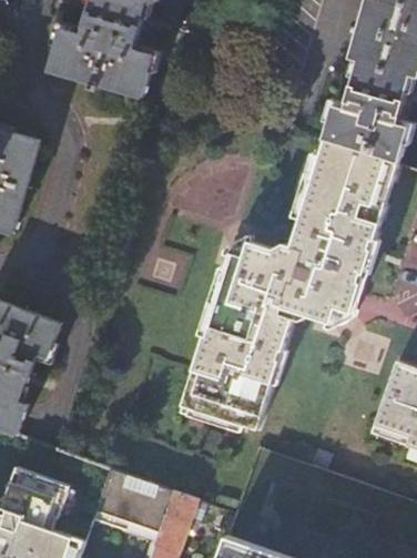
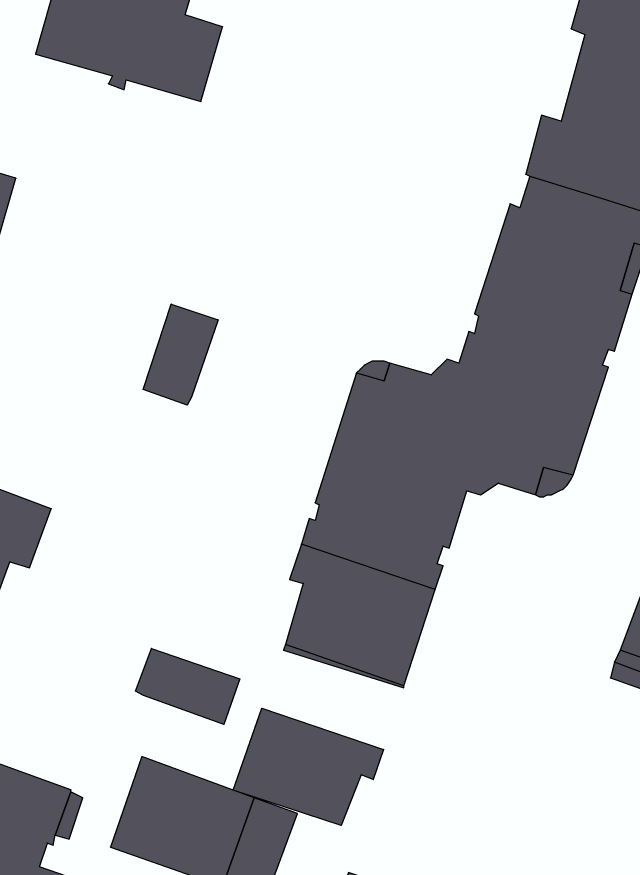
building: none -> [143,304,218,405]
building: none -> [135,648,240,724]
building: none -> [233,708,384,825]

